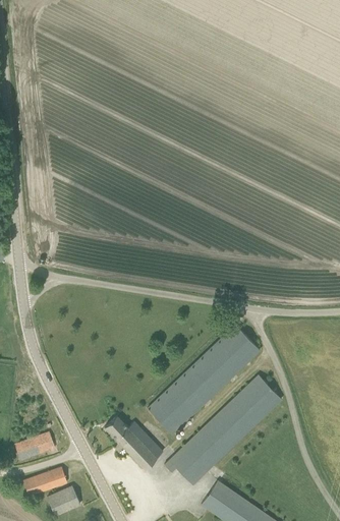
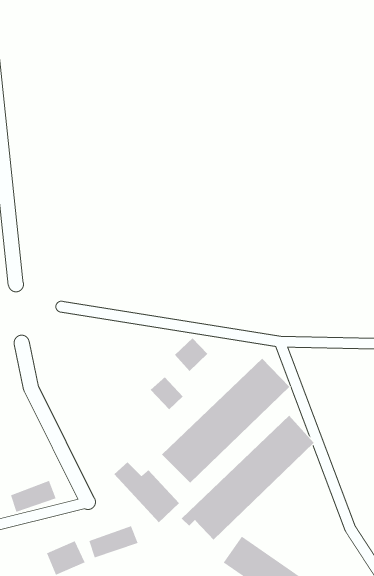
building: none -> [174,337,208,372]
building: none -> [150,377,183,410]
building: [23,467,67,496] -> [88,526,138,558]

